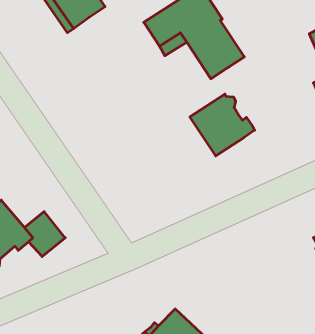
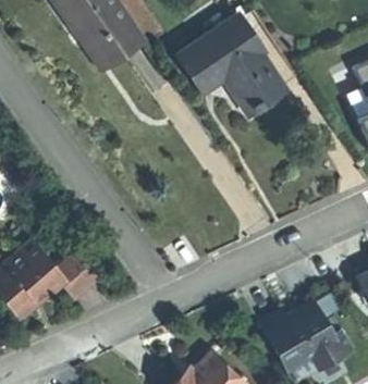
building: [190,94,255,156] -> none
building: none -> [261,294,354,370]

